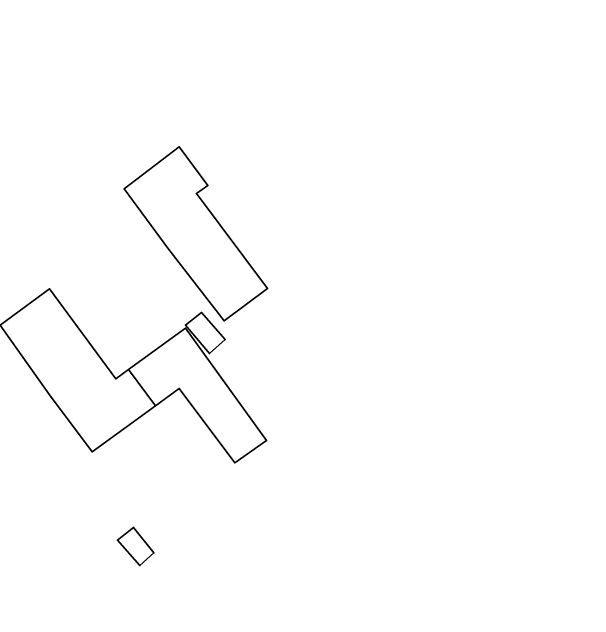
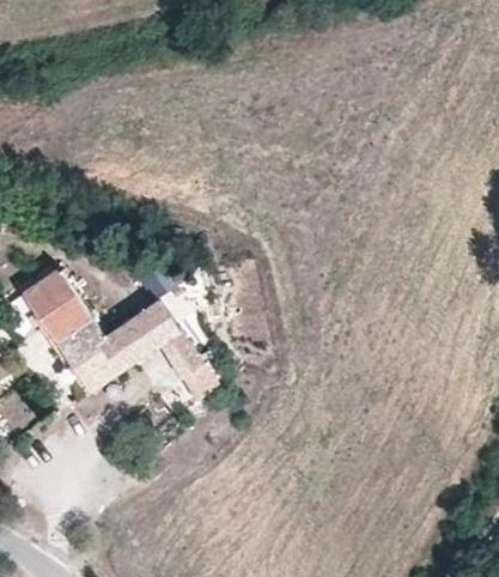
building: [124,147,267,321] -> none

